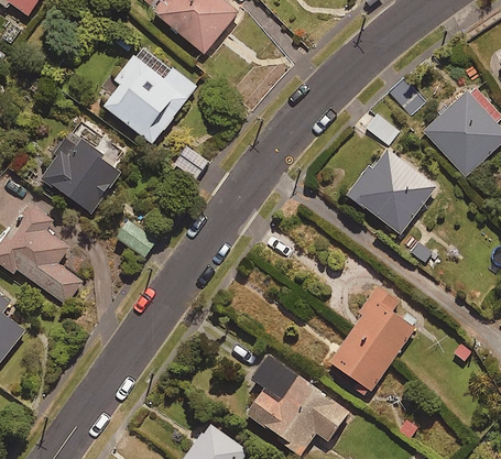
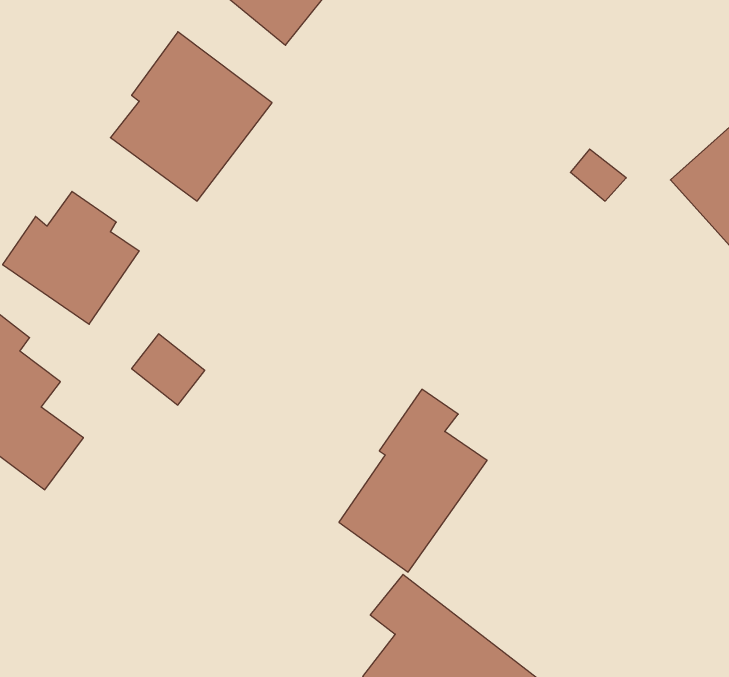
building: [348,145,437,234] -> none
building: [330,287,415,392] -> [339,389,487,572]

